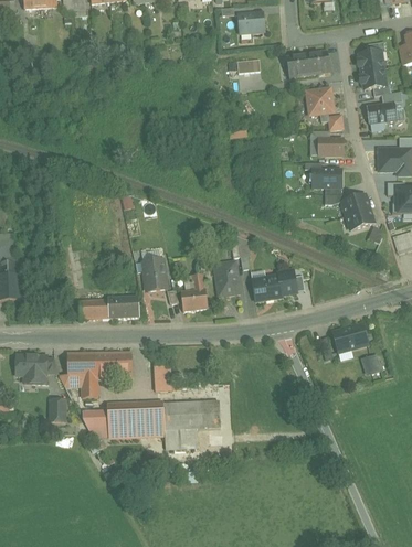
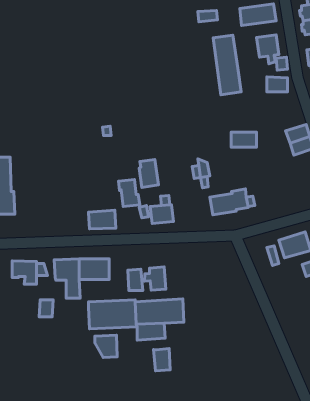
building: none -> [213,35,241,95]
building: [311,170,341,187] -> [231,132,256,147]
building: [215,262,239,296] -> [139,160,159,188]
building: [78,299,108,319] -> none
building: none -> [145,267,166,290]
building: [82,410,108,437] -> [95,335,117,358]
building: none -> [154,348,170,371]

